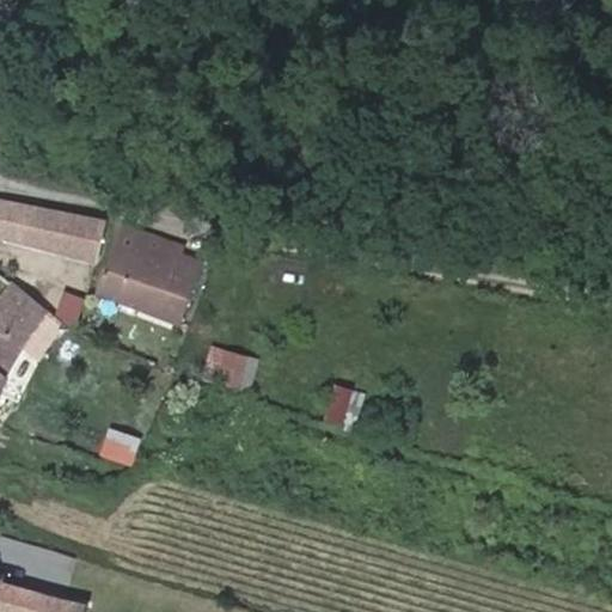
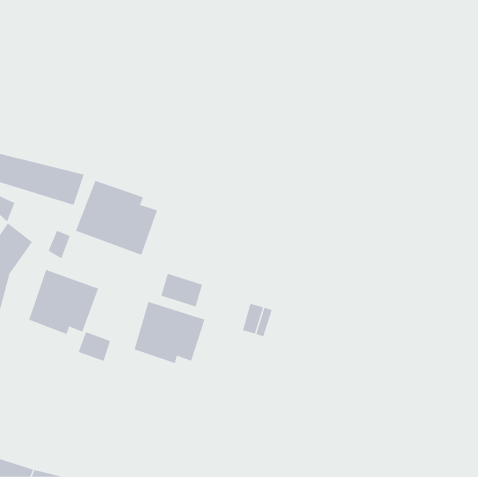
building: none -> [28,269,99,335]
building: none -> [134,301,205,364]

